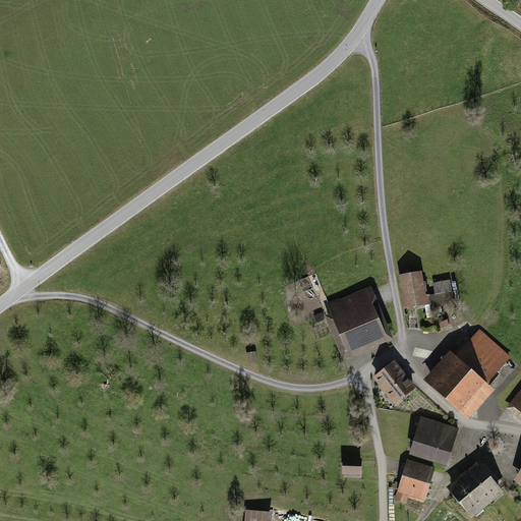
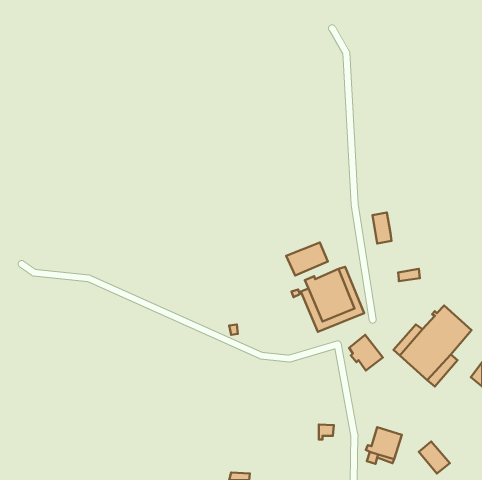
building: none -> [286,242,328,275]
building: [403,272,423,305] -> [373,212,391,244]
building: [411,416,458,460] -> none
building: [465,464,499,500] -> none

